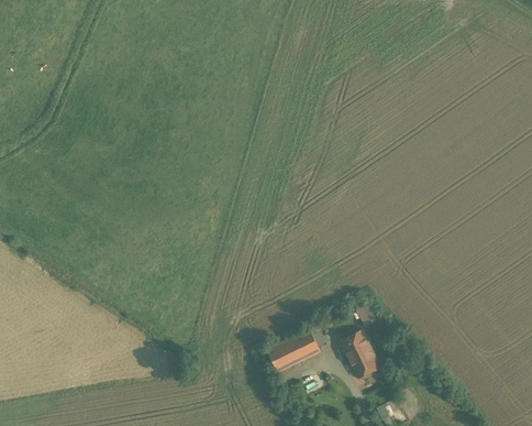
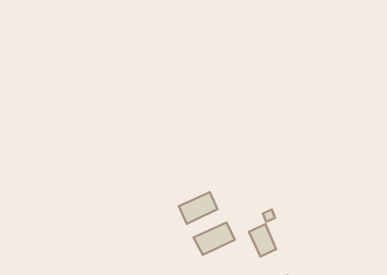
building: none -> [179,192,217,224]

